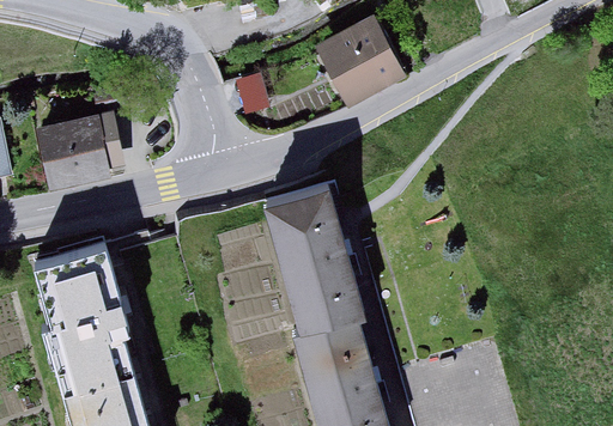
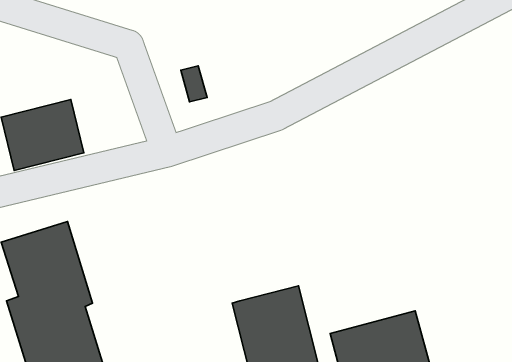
building: [315,17,402,105] -> none
building: [265,184,364,331] -> none

